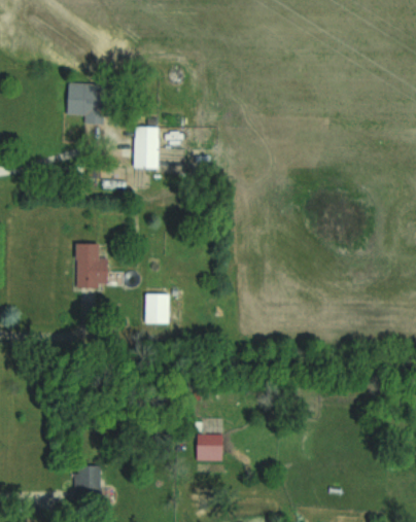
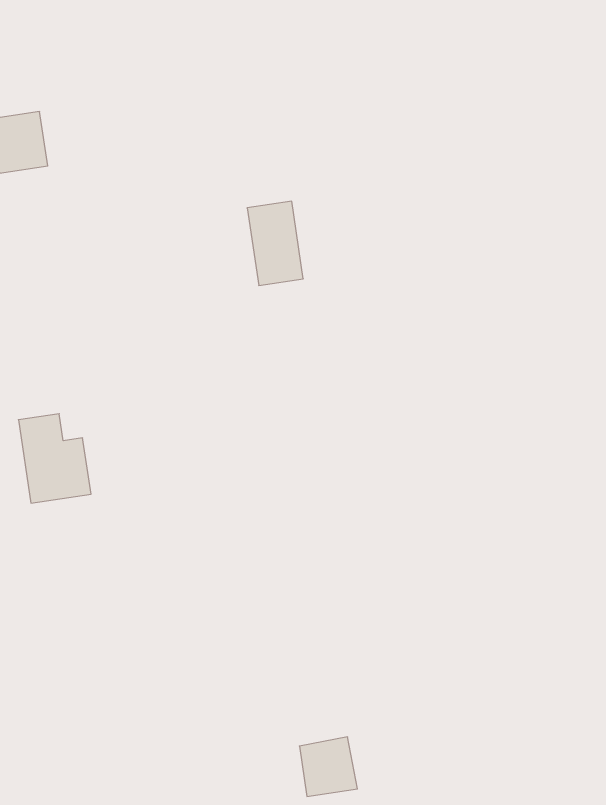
building: [134,126,158,167] -> [247,201,303,285]
building: [145,294,168,323] -> none

